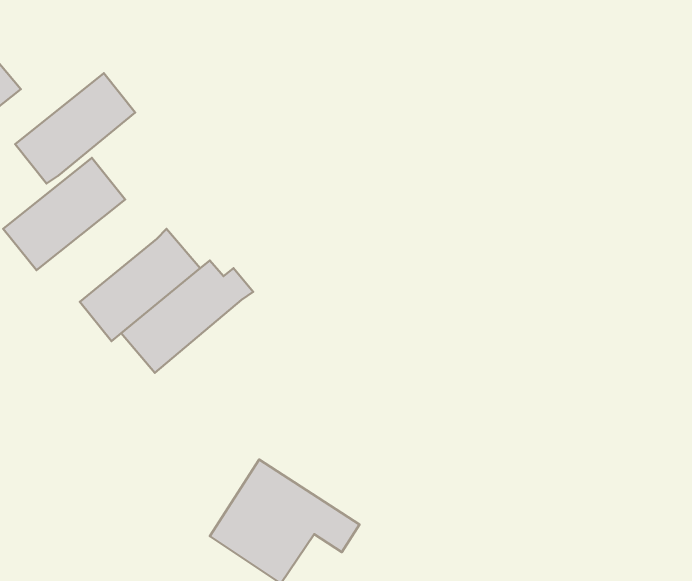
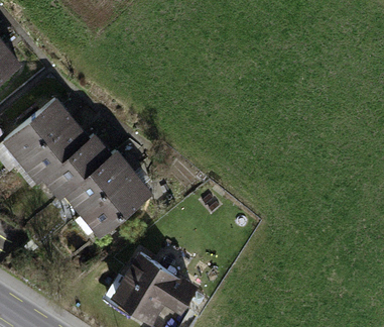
building: [15,73,135,183] -> [25,120,87,177]
building: none -> [86,172,148,229]

